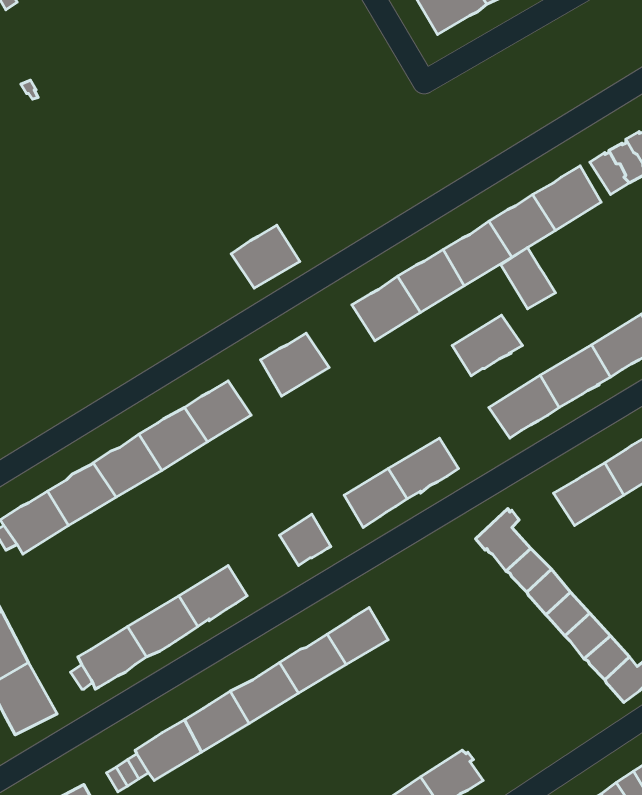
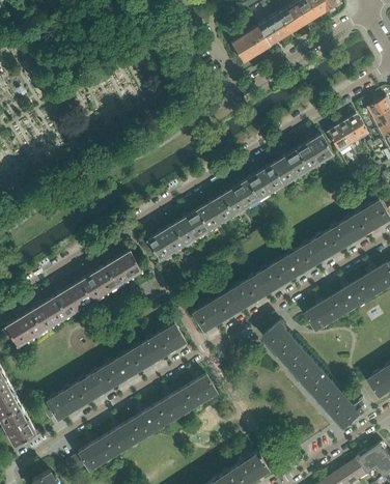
building: [231,225,300,288] -> [171,210,208,245]
building: [501,248,556,309] -> none
building: [452,315,522,376] -> [244,266,282,300]
building: none -> [129,336,167,369]

